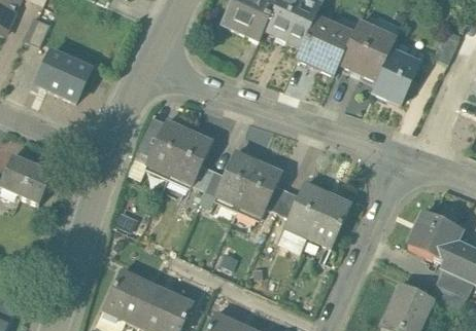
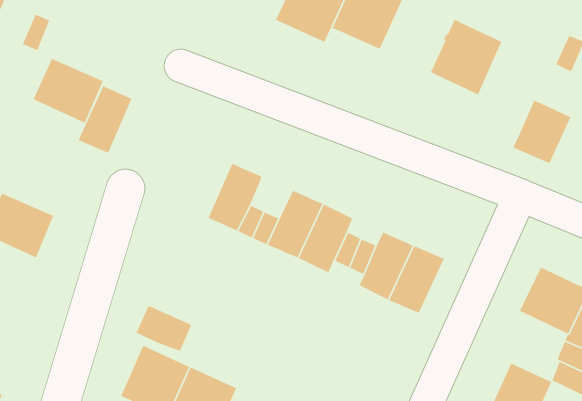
building: [296,21,350,74] -> none
building: [371,54,416,104] -> [512,99,572,164]
building: [145,121,188,174] -> [77,85,133,154]
building: none -> [136,305,192,352]

